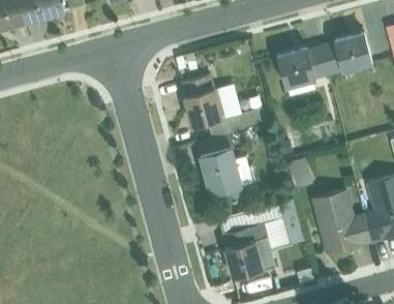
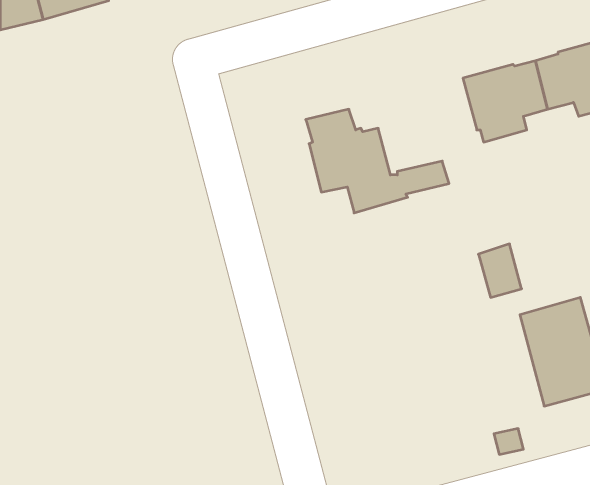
building: [201,134,255,204] -> none
building: [223,214,304,278] -> none

